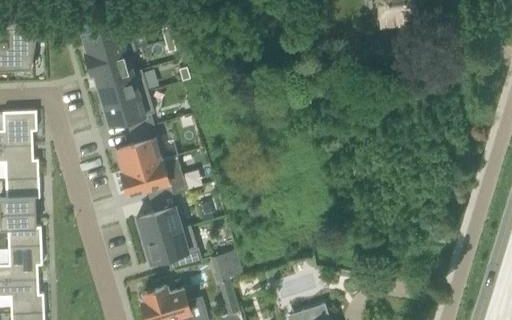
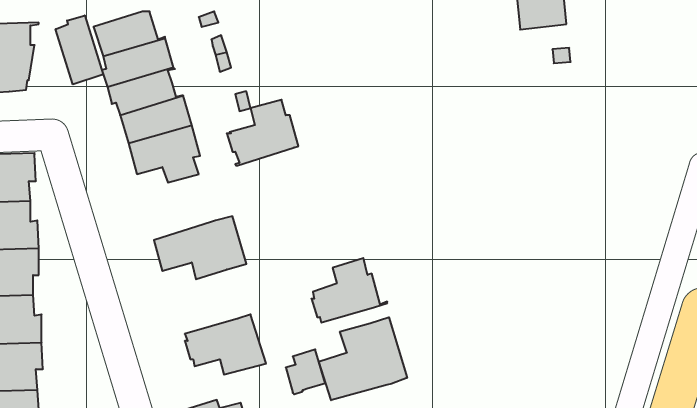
building: none -> [56,15,103,84]
building: [113,126,164,173] -> [227,100,298,166]
building: [135,194,189,240] -> [311,258,387,323]
building: none -> [319,317,407,400]

